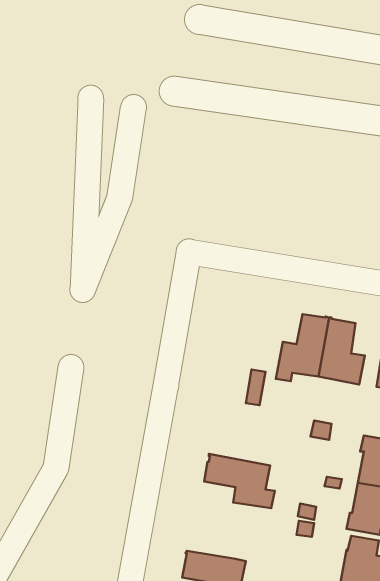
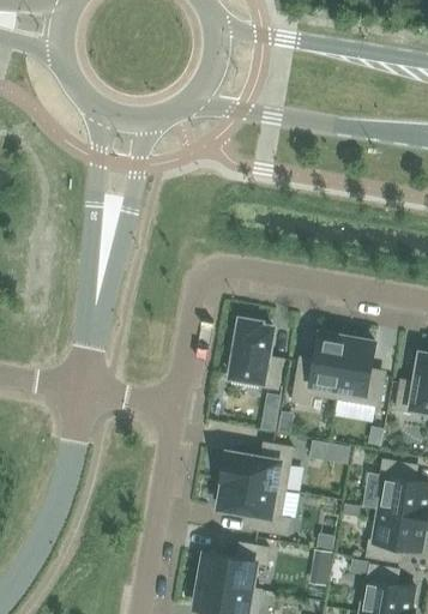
building: none -> [230,318,283,387]
building: none -> [219,443,294,490]
building: none -> [200,542,270,588]

